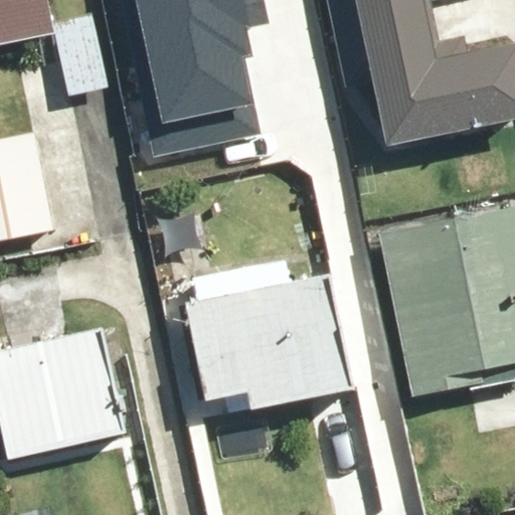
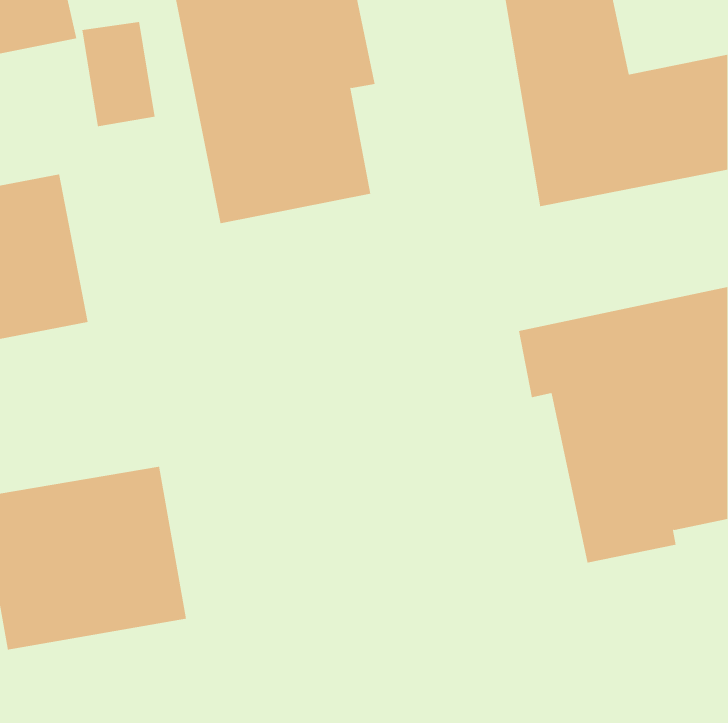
building: [181,256,360,408] -> none

